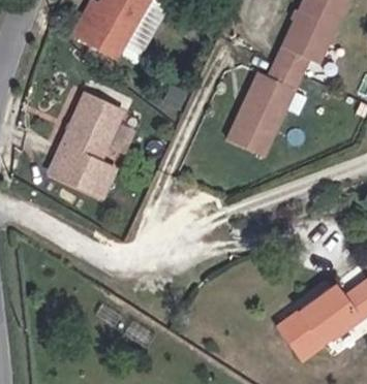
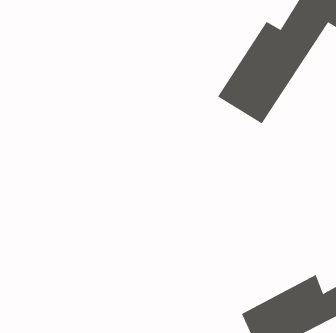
building: [58,93,130,196] -> none

